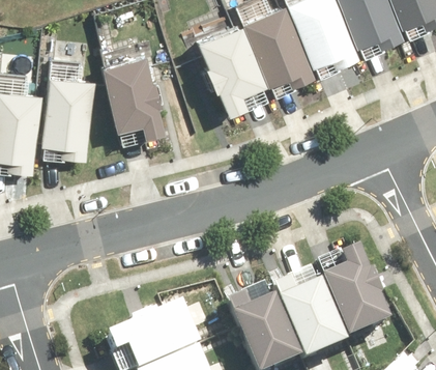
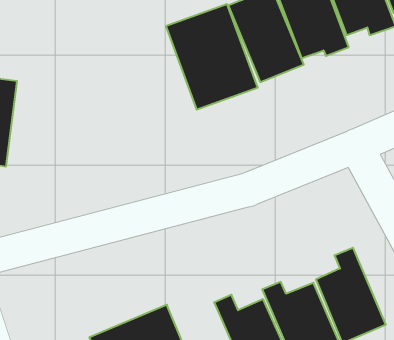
building: [107,52,168,135] -> none
building: [43,74,95,160] -> none

